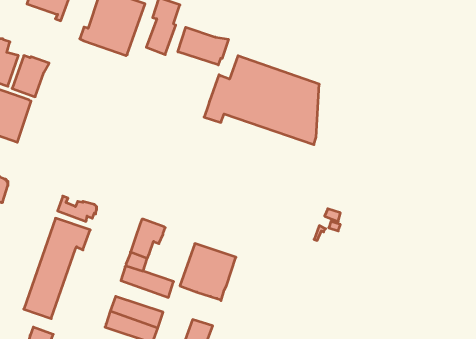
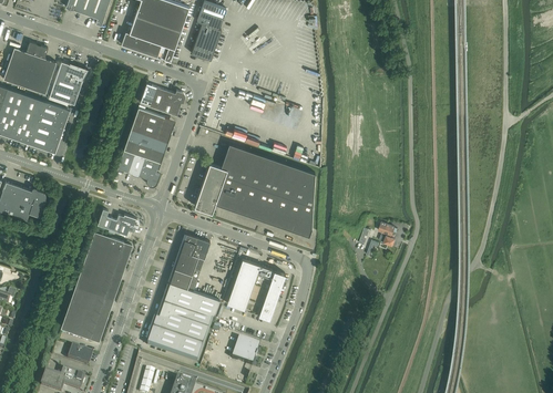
building: [178,27,228,65] -> none
building: [204,56,319,145] -> [194,143,315,236]
building: none -> [140,84,185,116]
building: none -> [116,108,168,187]
building: none -> [158,298,214,331]

